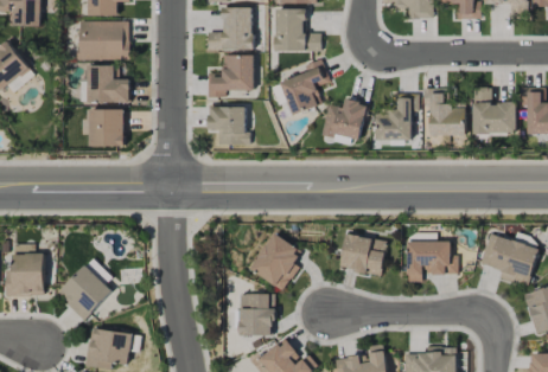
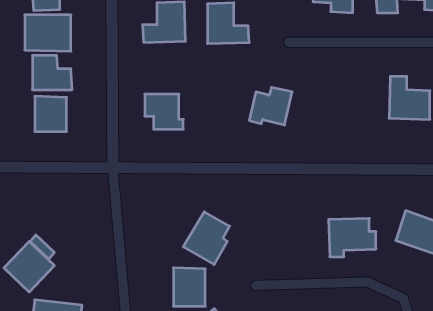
building: [206,56,253,97] -> none
building: [281,60,327,114] -> none
building: [421,89,465,135] -> none
building: [374,95,412,140] -> none
building: [338,235,385,275] -> none

